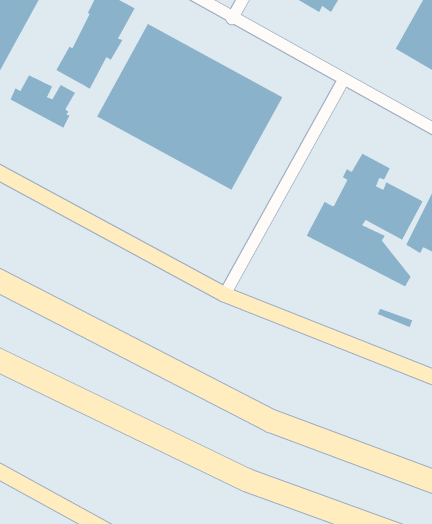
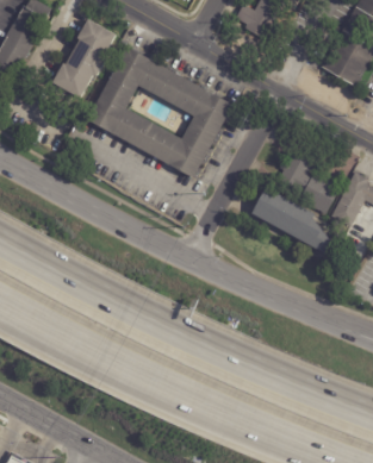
building: [10,74,76,129] -> none

